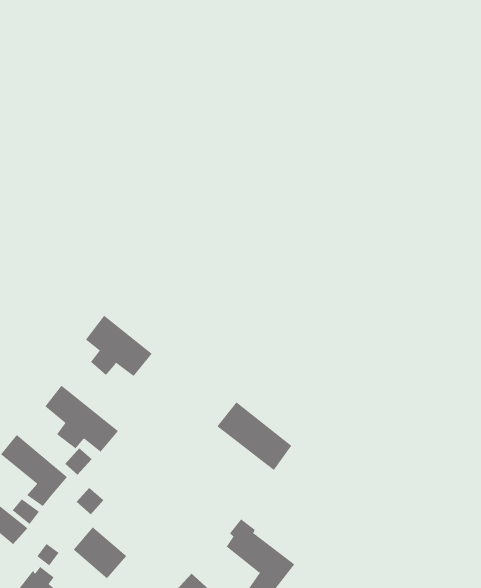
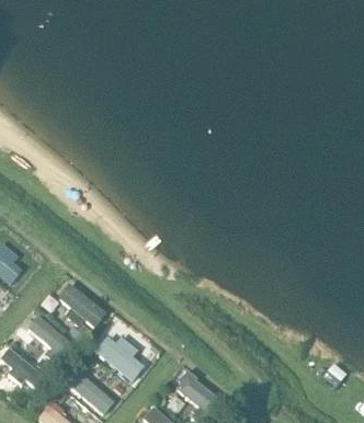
building: [85,315,153,377] -> none
building: [216,401,292,471] -> [93,336,144,382]

